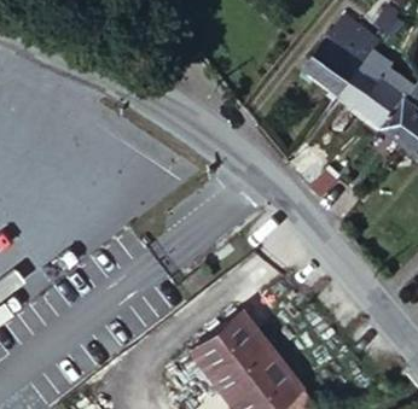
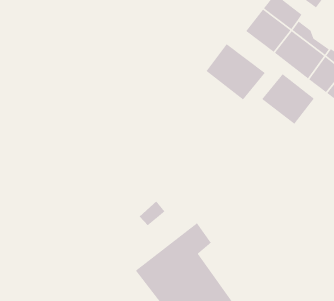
building: none -> [205,43,266,100]
building: none -> [261,73,315,125]

